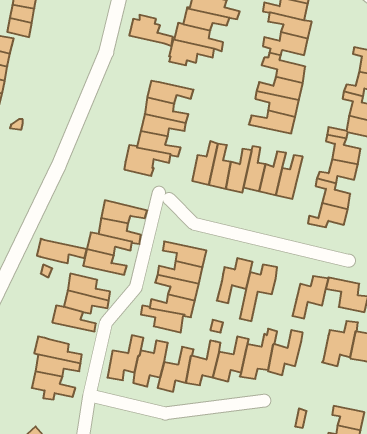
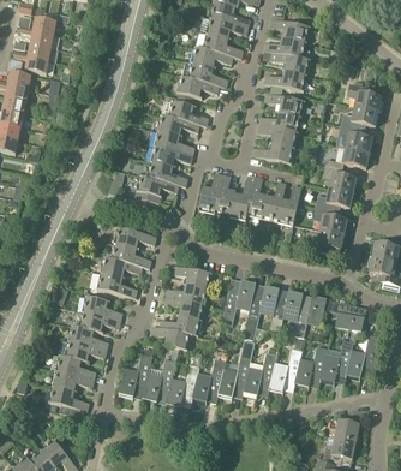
building: [129,15,173,46] -> [167,97,208,126]
building: [37,239,87,263] -> [60,340,107,363]
building: none -> [269,292,301,332]
building: none -> [294,346,327,386]

